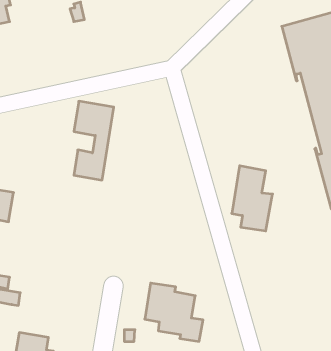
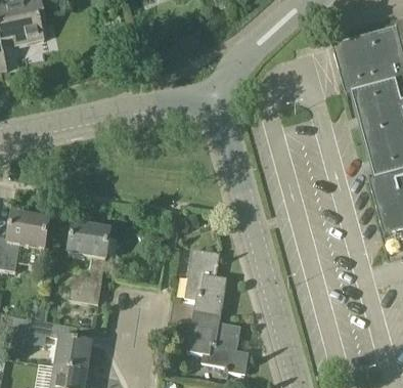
building: [74,101,114,180] -> [69,222,110,305]
building: [232,166,273,231] -> [184,249,227,317]
building: none -> [55,337,92,371]

